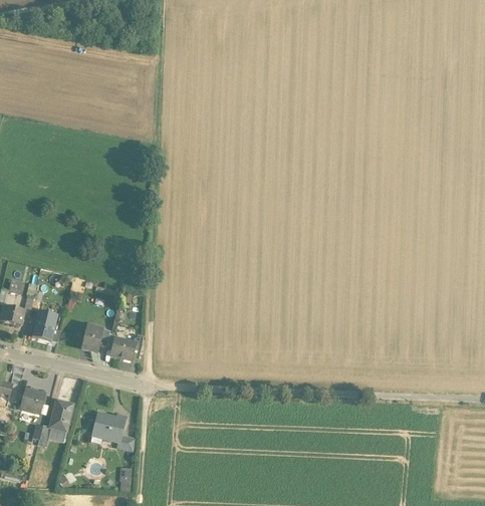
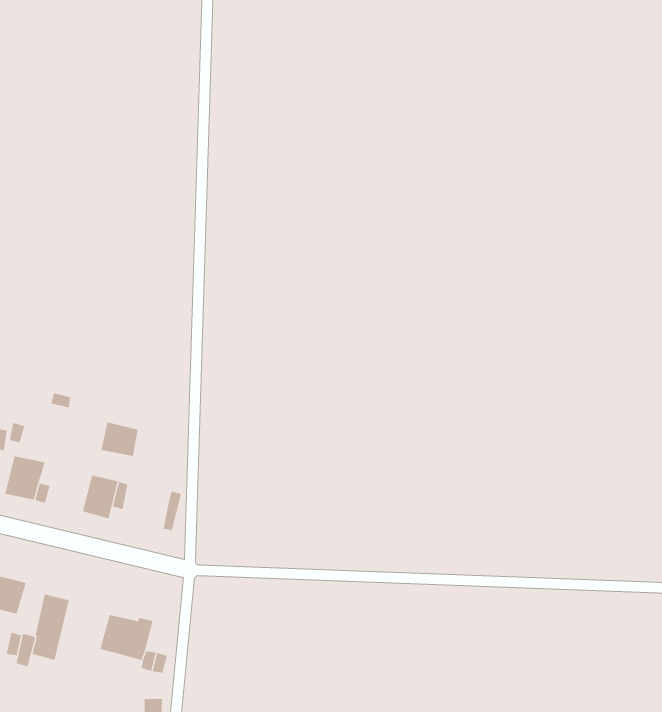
building: [110,337,135,359] -> [101,422,139,457]

